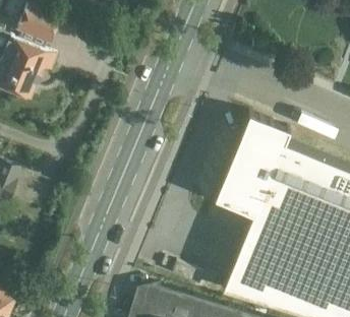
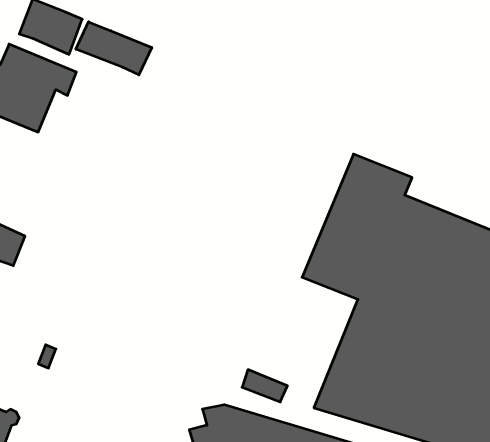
building: none -> [76,22,152,75]

